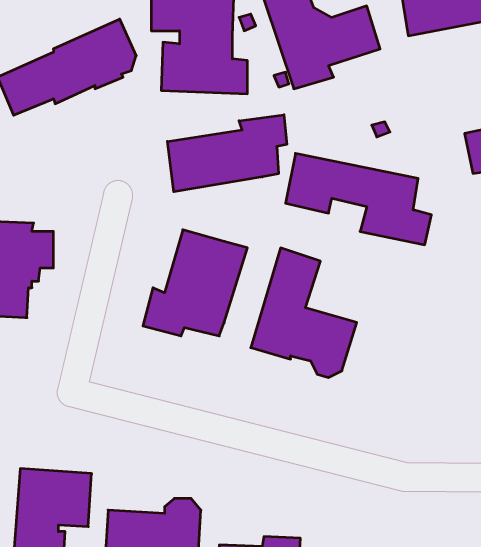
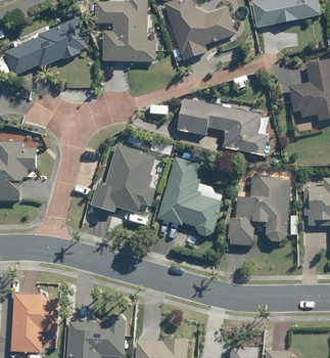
building: [167,115,287,192] -> none
building: none -> [227,178,290,242]

